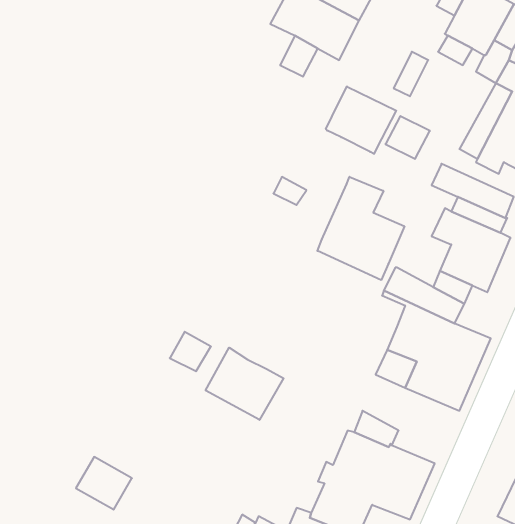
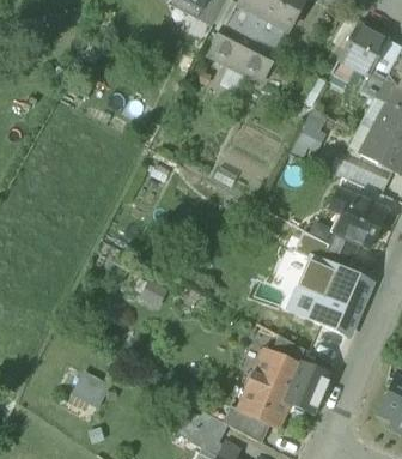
building: [326,86,396,154] -> none
building: [317,177,404,280] -> none
building: [206,348,284,420] -> none

